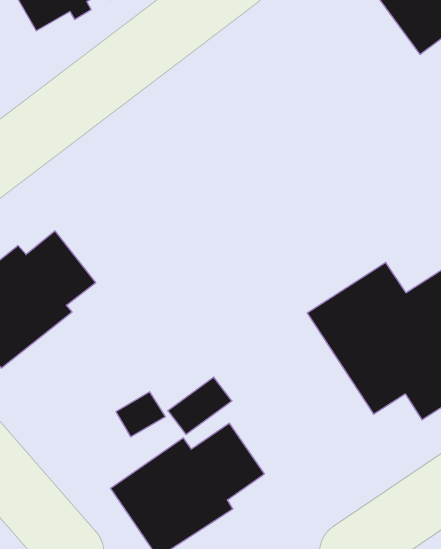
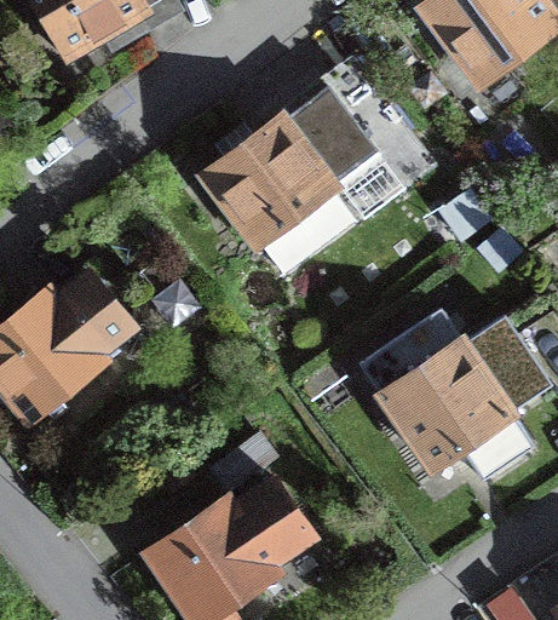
building: none -> [201,62,431,275]

